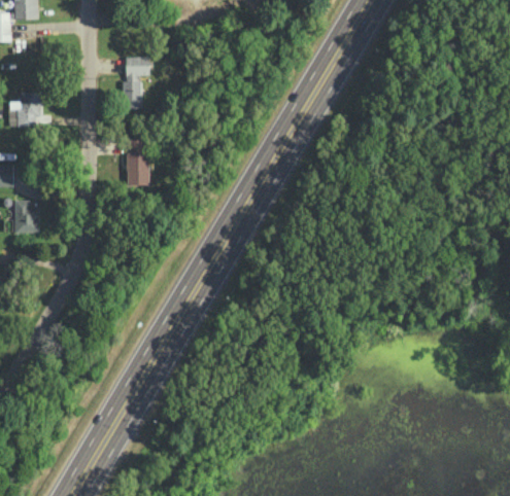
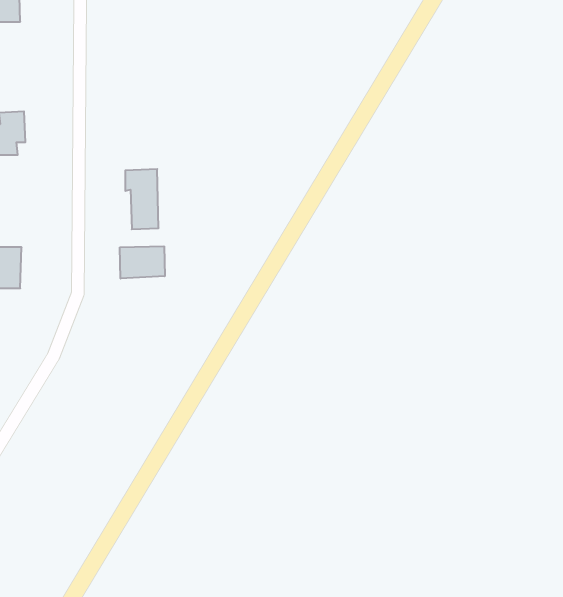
building: [123,56,150,108] -> none
building: none -> [120,246,165,279]

